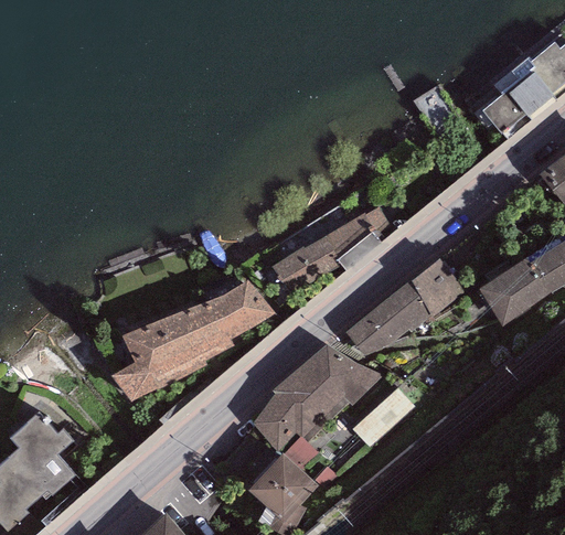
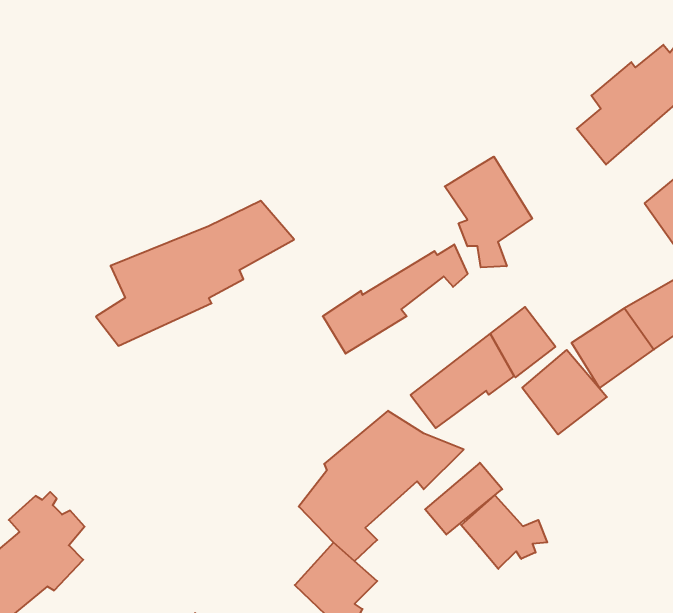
building: none -> [445,157,532,267]
building: [110,280,275,400] -> [96,201,294,346]
building: none -> [522,350,607,434]
building: none -> [461,495,547,569]

